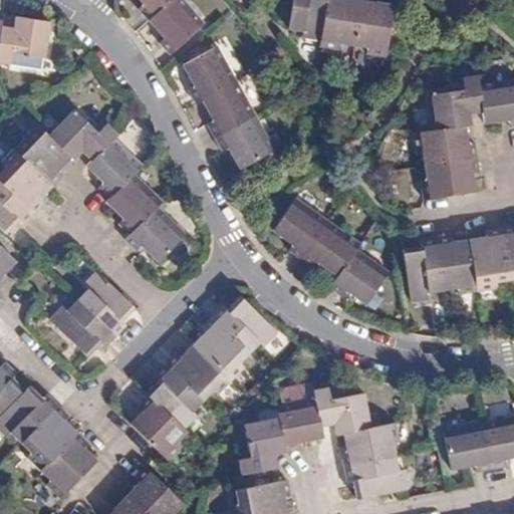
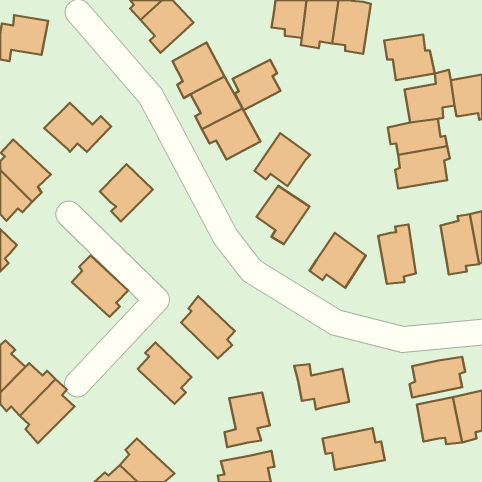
building: none -> [384,35,435,80]
building: none -> [233,60,280,110]
building: [14,121,72,186] -> none
building: [87,138,144,201] -> none
building: [125,207,186,262] -> none
building: [302,220,361,276] -> [255,133,310,186]
building: [435,236,478,295] -> none
building: [211,295,279,352] -> none
building: [49,300,116,357] -> none
building: [166,343,232,402] -> none
building: [131,395,188,461] -> none
building: [279,406,323,453] -> none
building: [340,424,400,467] -> [409,357,465,397]
building: [40,433,98,499] -> none

